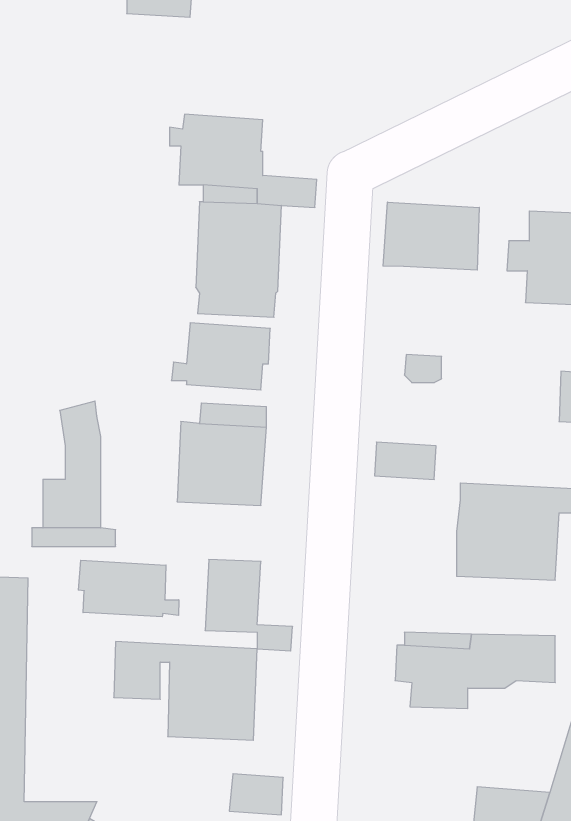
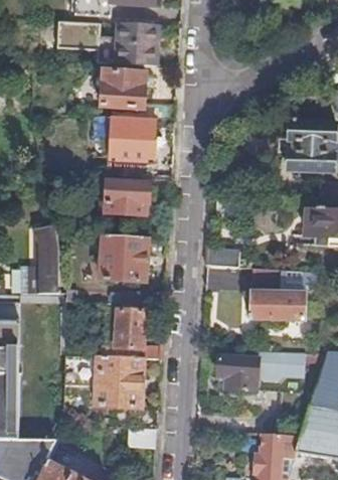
building: none -> [52,20,159,67]
building: [383,202,479,270] -> none
building: [78,560,179,617] -> none

